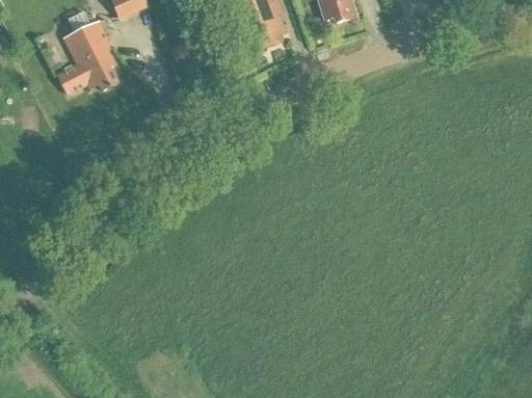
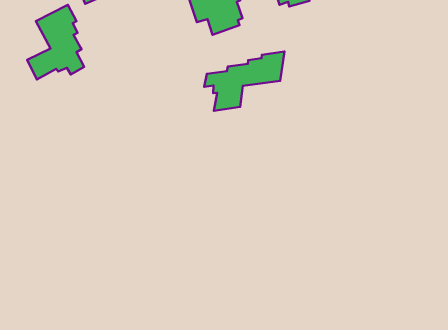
building: none -> [204,52,284,111]

